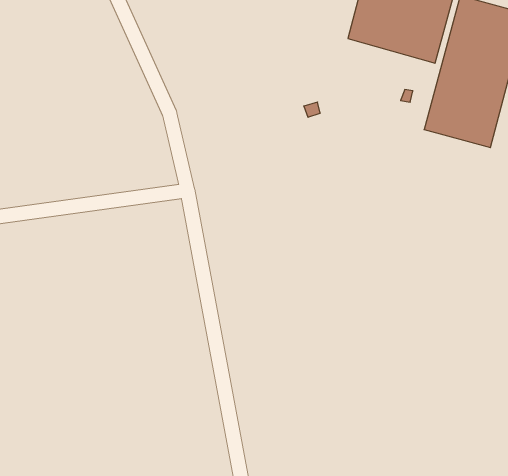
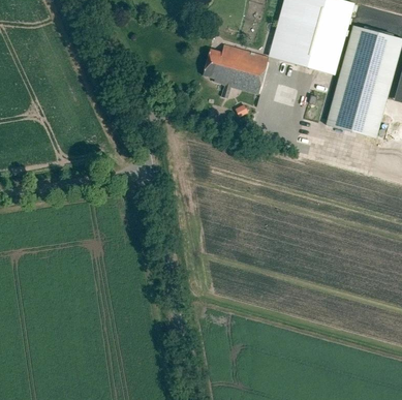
building: none -> [204,44,270,98]

